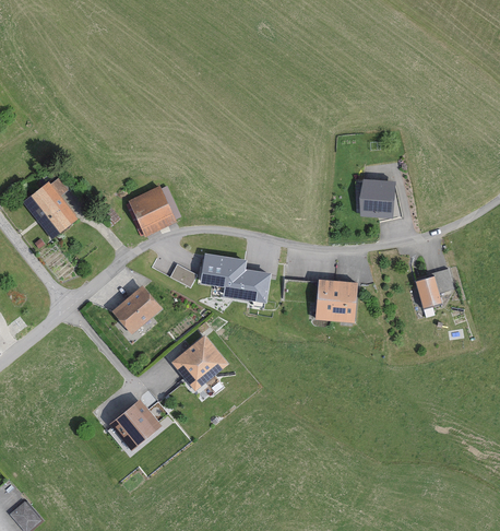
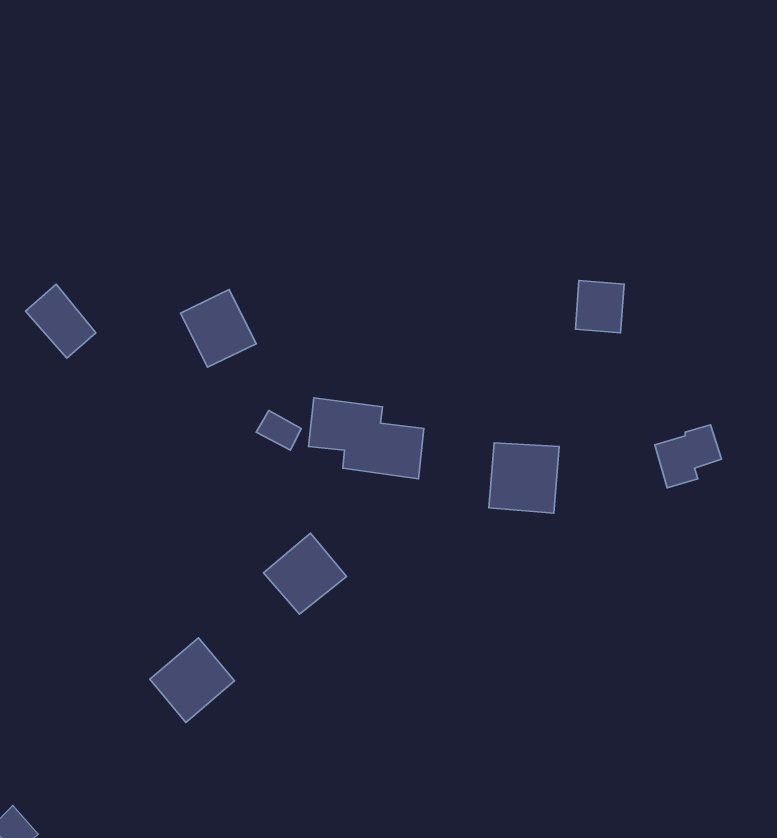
building: [118,287,163,330] -> none

